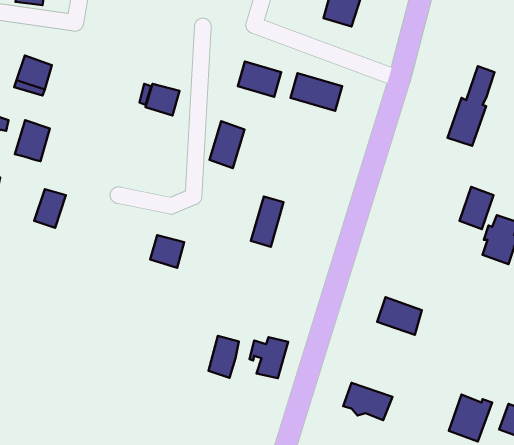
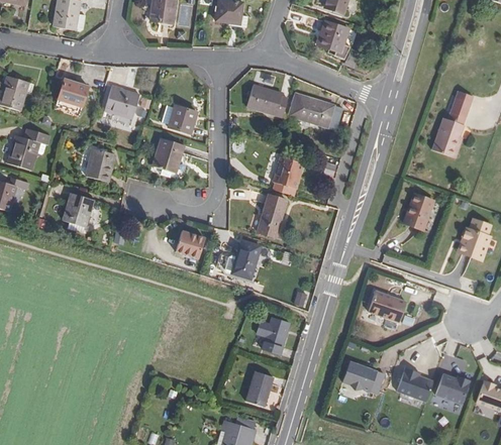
building: none -> [105,90,140,121]
building: [15,120,50,161] -> [87,143,117,179]
building: [209,121,244,168] -> [274,160,304,201]
building: none -> [151,136,181,171]
building: [460,187,493,229] -> [403,192,432,228]
building: none -> [233,245,260,286]
building: [209,336,239,378] -> [240,371,267,408]
building: none -> [393,366,429,401]

